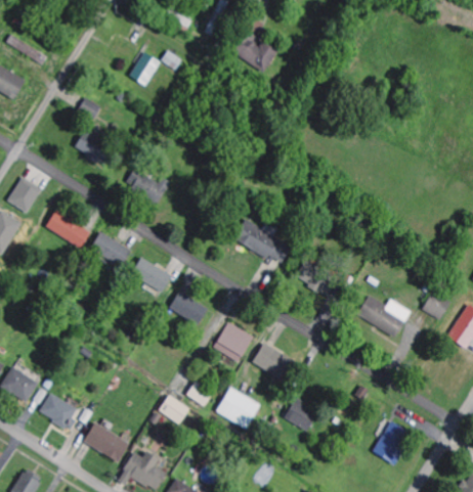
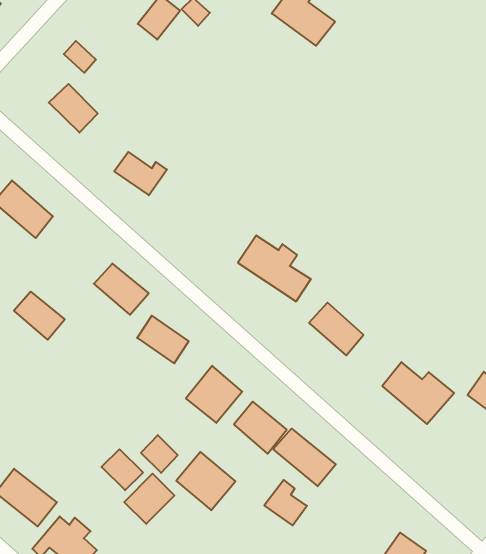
building: [90,232,129,266] -> [14,292,65,340]
building: none -> [273,429,336,486]
building: none -> [124,474,174,524]

